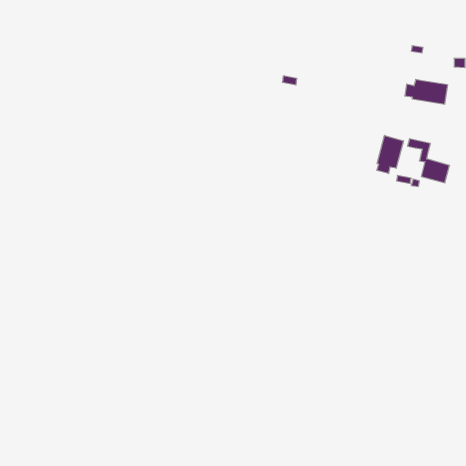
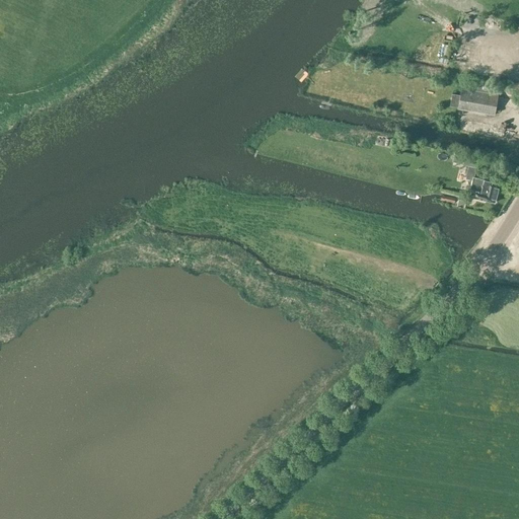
building: [377,135,403,174] -> none

